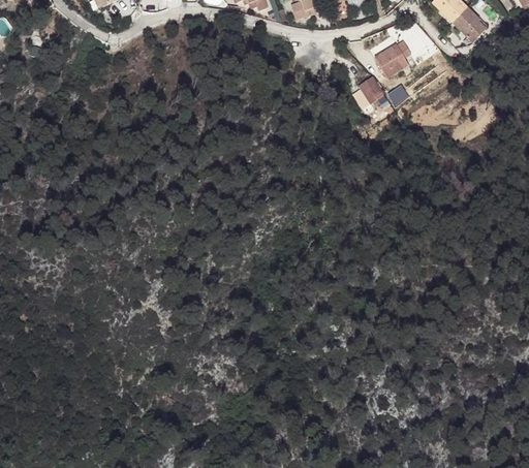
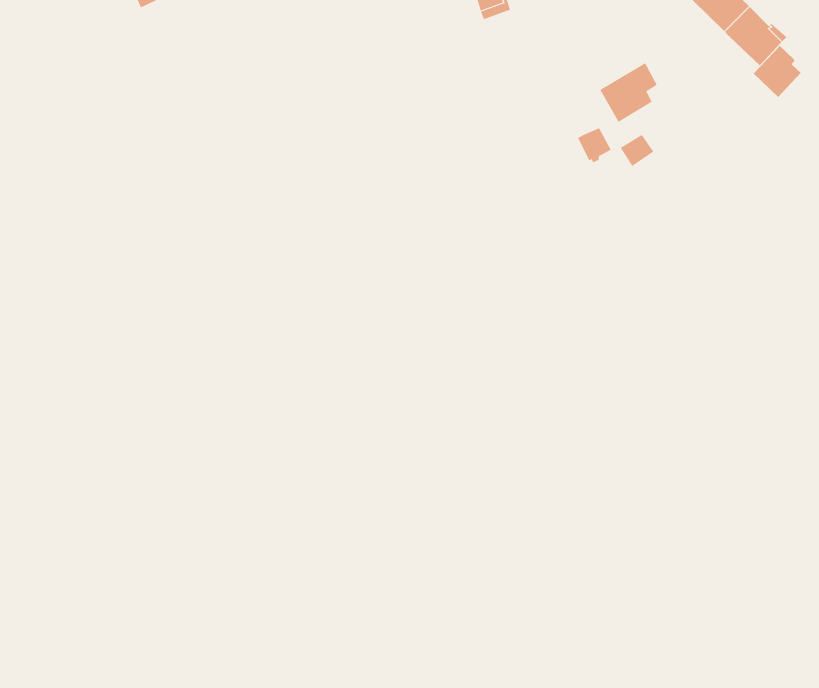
building: none -> [753,45,802,98]

